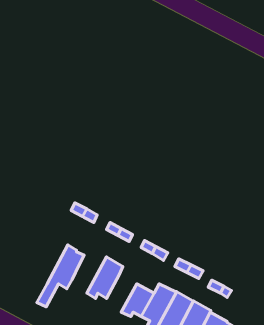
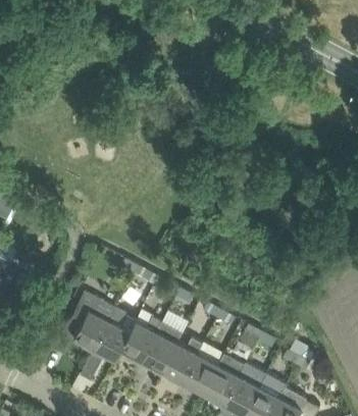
building: none -> [64,290,116,353]
building: none -> [121,316,162,364]
building: none -> [162,337,202,386]

